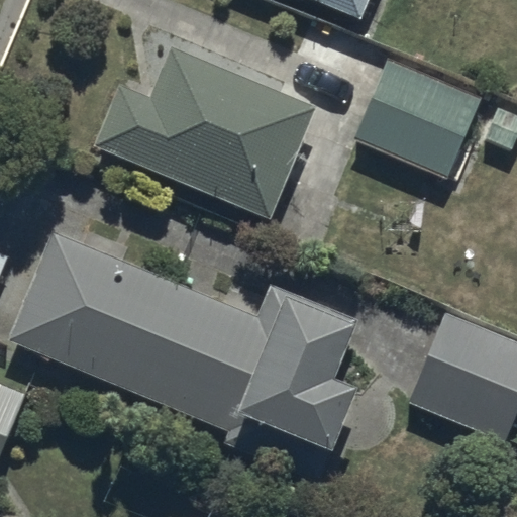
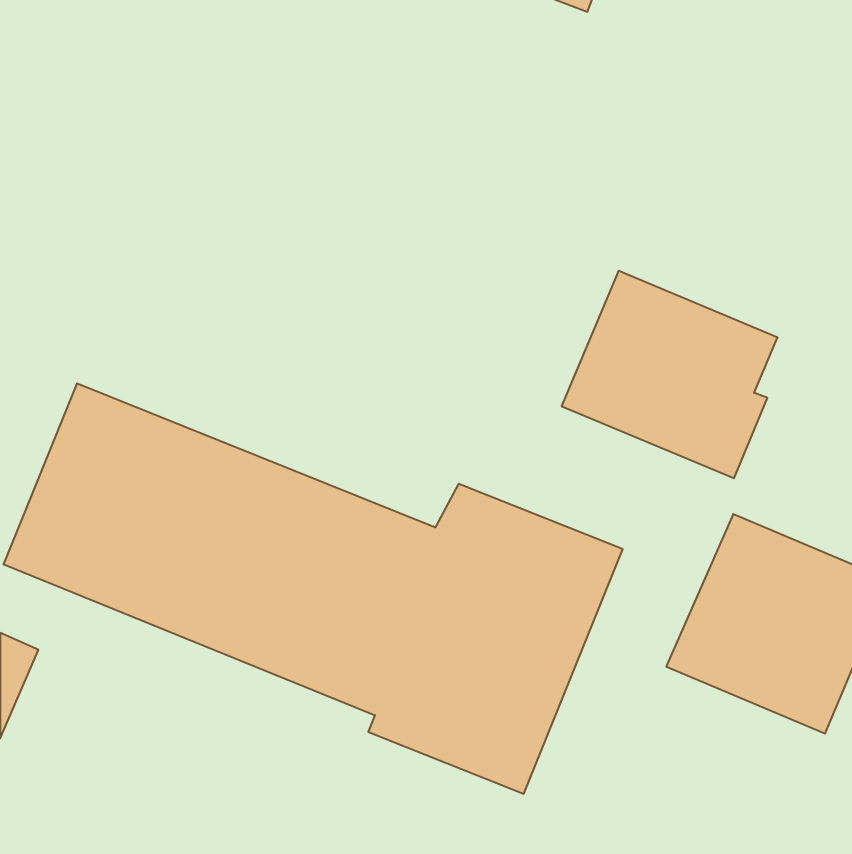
building: [98,46,315,216] -> none
building: [351,55,482,180] -> [562,271,778,478]

